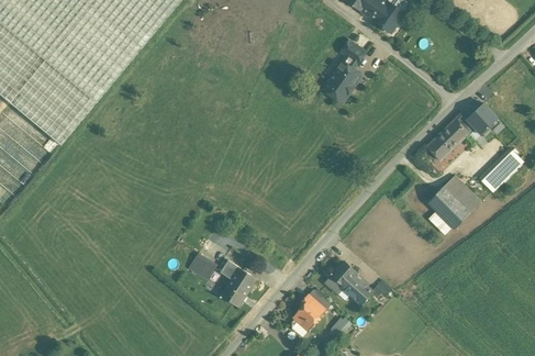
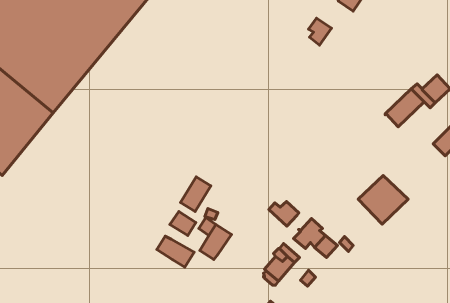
building: [322,60,360,102] -> none
building: [426,175,481,229] -> [358,175,408,224]
building: none -> [181,177,211,211]
building: none -> [269,202,299,226]
building: none -> [157,236,194,267]

